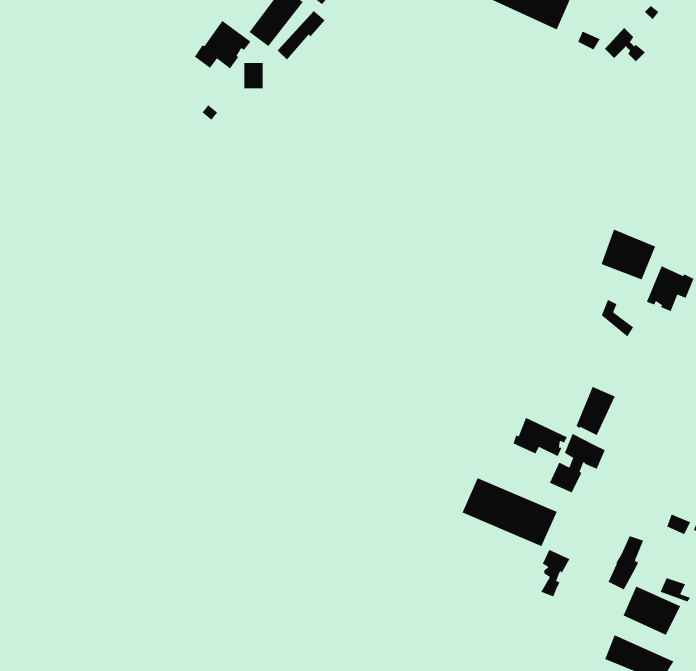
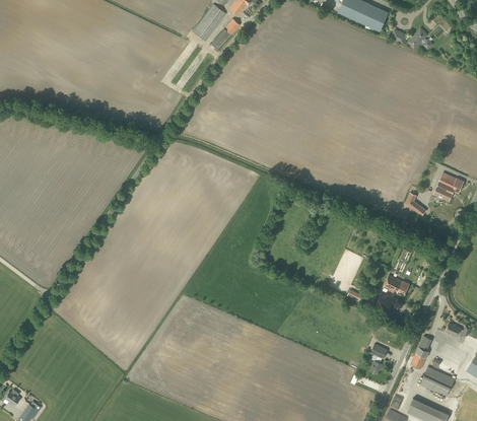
building: [194,20,251,70] -> none
building: [601,229,656,281] -> none
building: [513,417,568,457] -> none
building: [461,477,558,547] -> none

